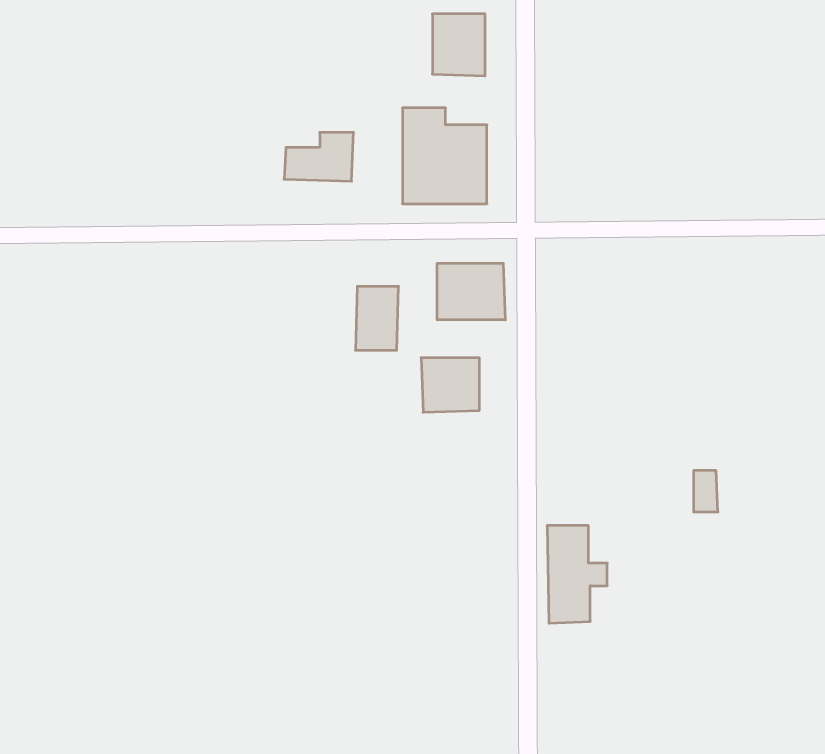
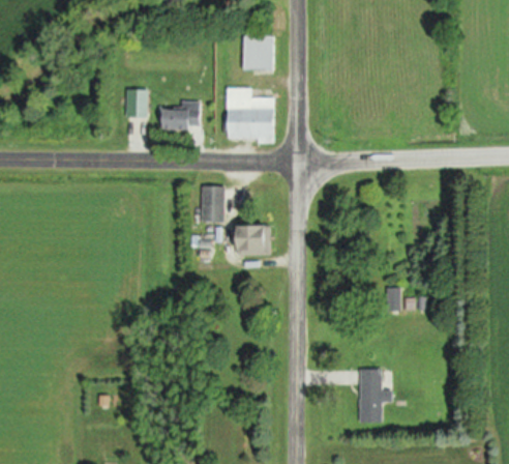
building: none -> [125,89,147,117]
building: [437,263,505,320] -> none
building: [547,526,607,623] -> [359,370,392,424]

